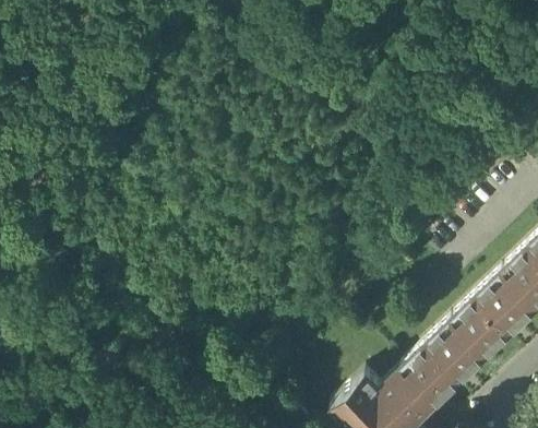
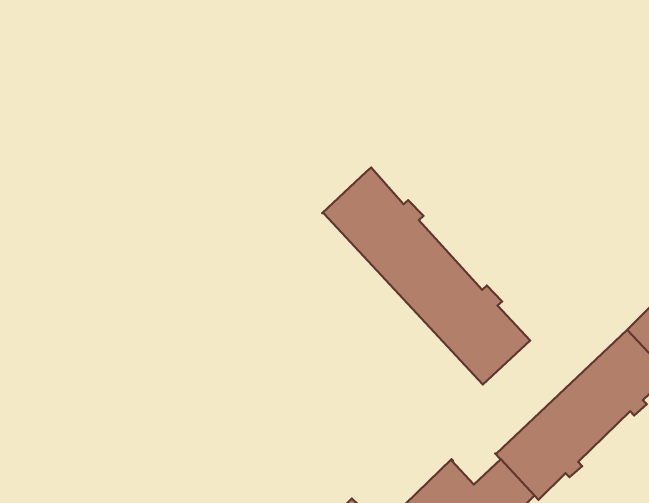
building: none -> [322,168,530,385]

